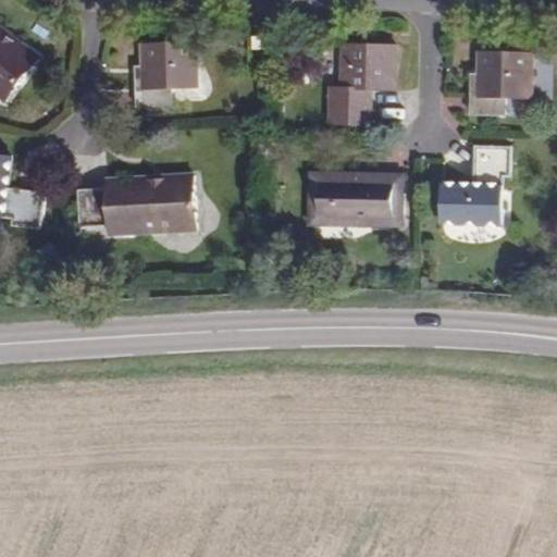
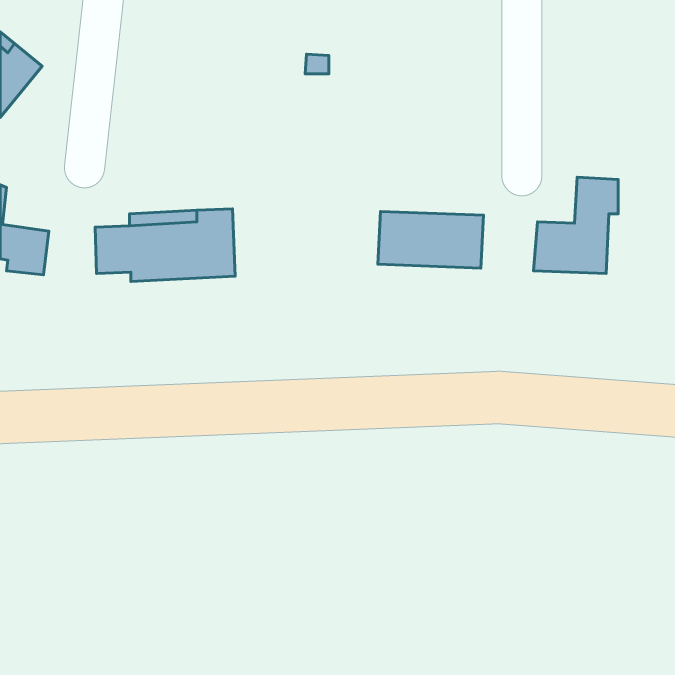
building: [132,42,191,107] -> none
building: [330,46,395,125] -> none
building: [471,52,531,115] -> none

